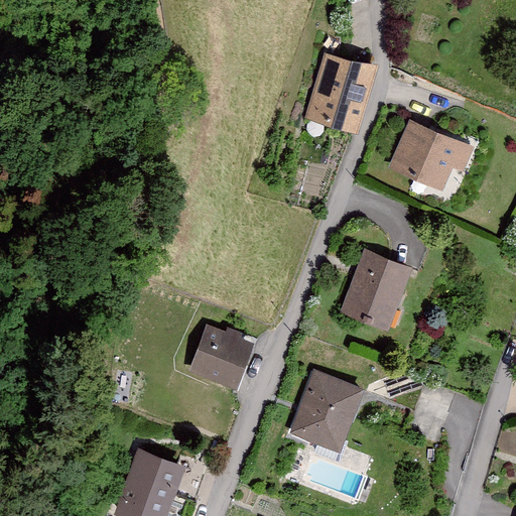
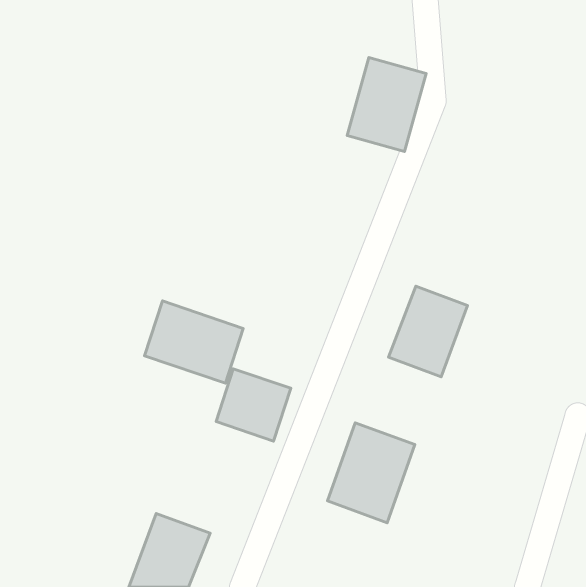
building: [388,119,476,190] -> none
building: none -> [144,301,243,383]

